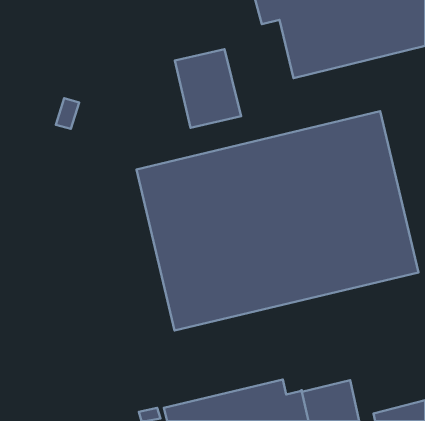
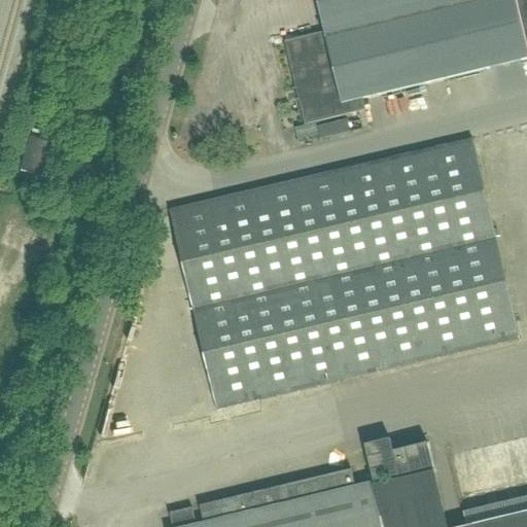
building: [175,49,241,128] -> [284,25,366,122]
building: [56,98,79,129] -> [19,138,47,176]
building: none -> [362,436,433,486]

